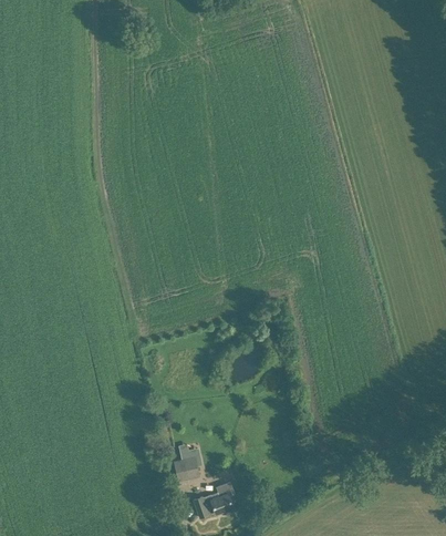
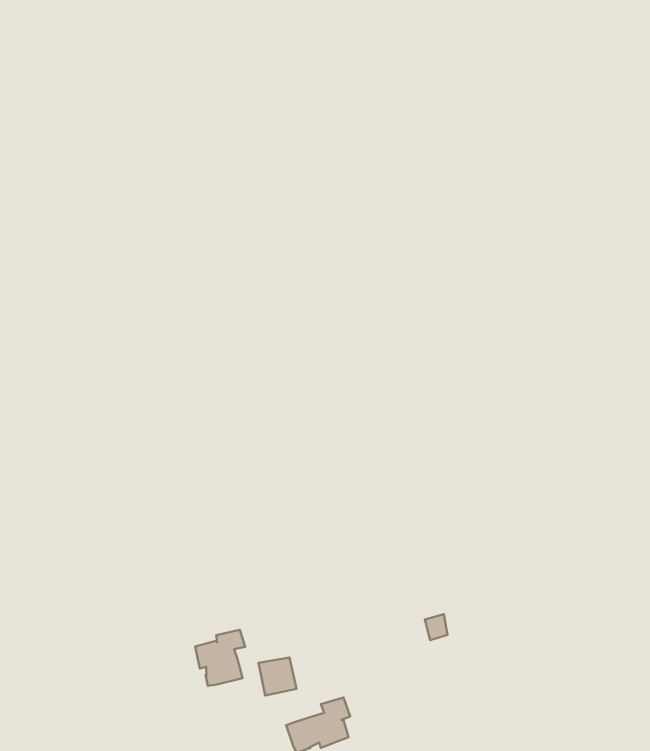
building: none -> [195,630,245,686]

